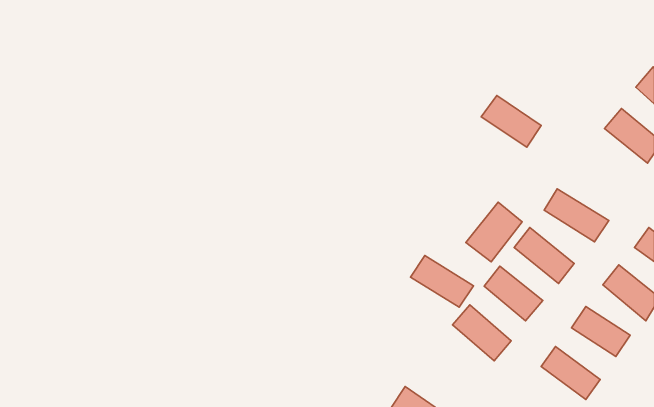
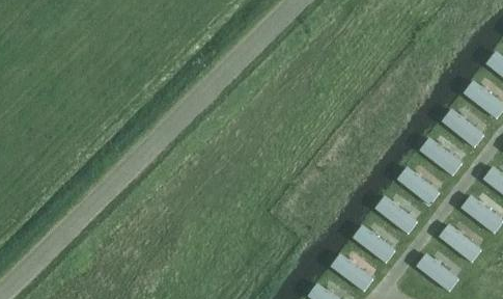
building: [481,95,541,147] -> [440,109,483,146]
building: [466,202,522,262] -> none
building: [411,256,474,307] -> [329,254,374,292]

